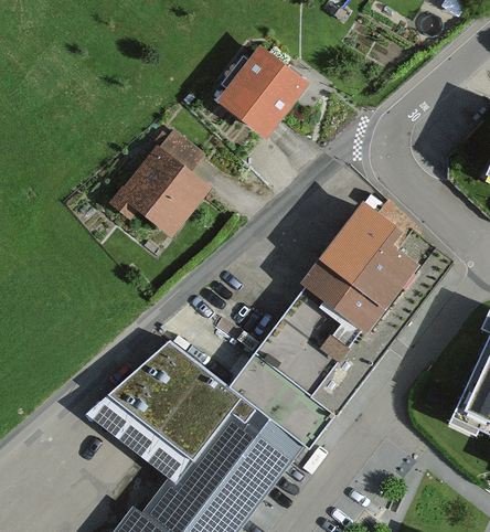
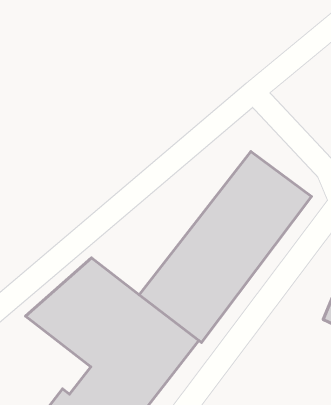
building: [227,58,306,137] -> none
building: [120,143,214,238] -> none

